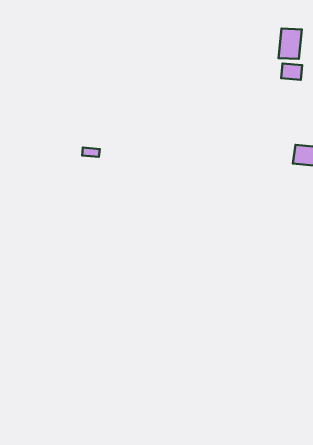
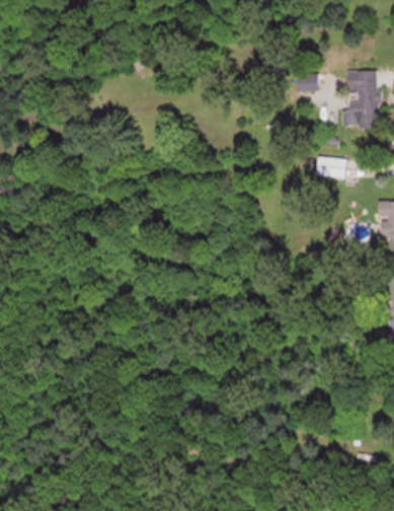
building: [279,28,302,59] -> none

